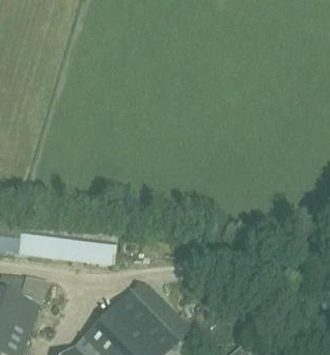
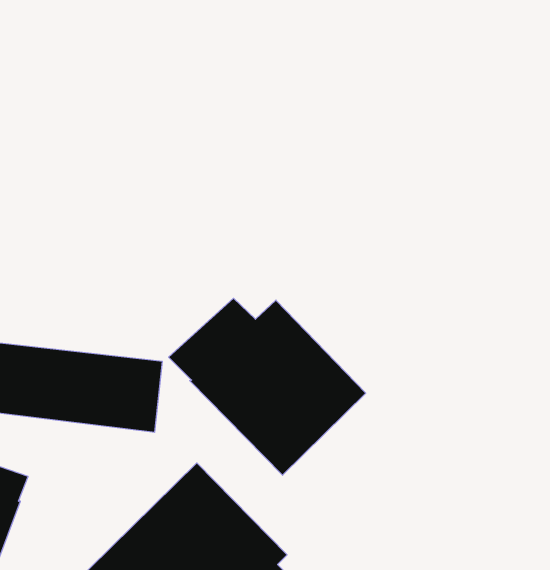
building: none -> [169,298,366,475]

